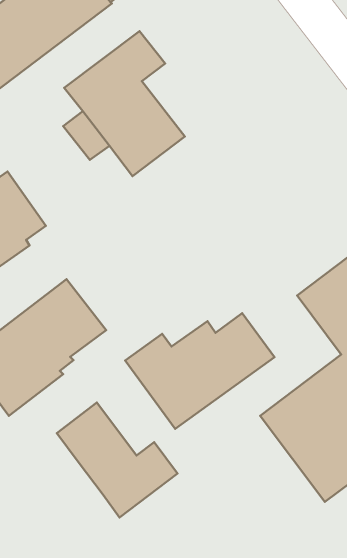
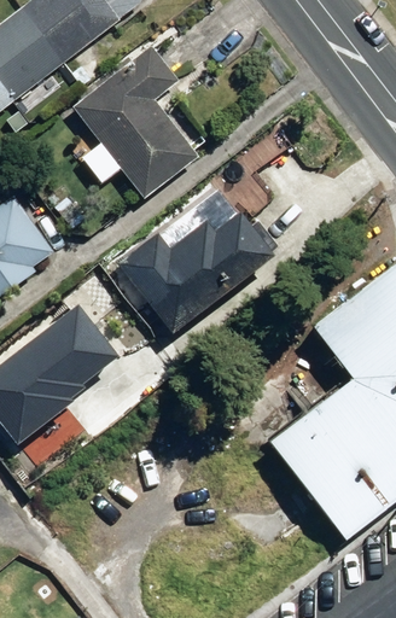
building: [125,313,275,429] -> [117,212,273,333]
building: [57,403,177,518] -> none

